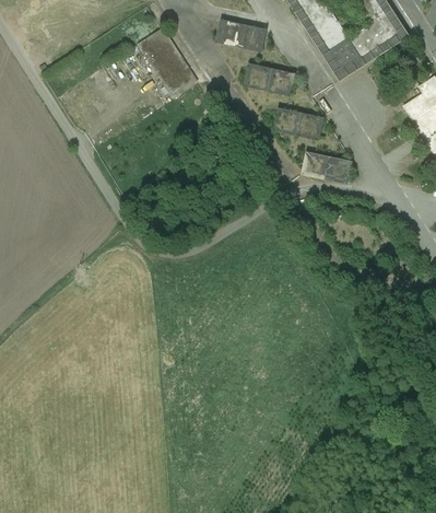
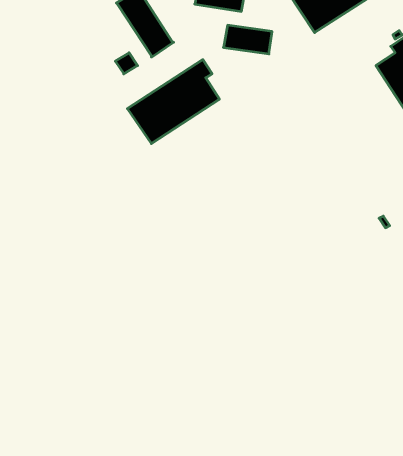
building: none -> [127,60,219,144]
building: [275,108,327,137] -> none
building: [304,150,355,183] -> none

